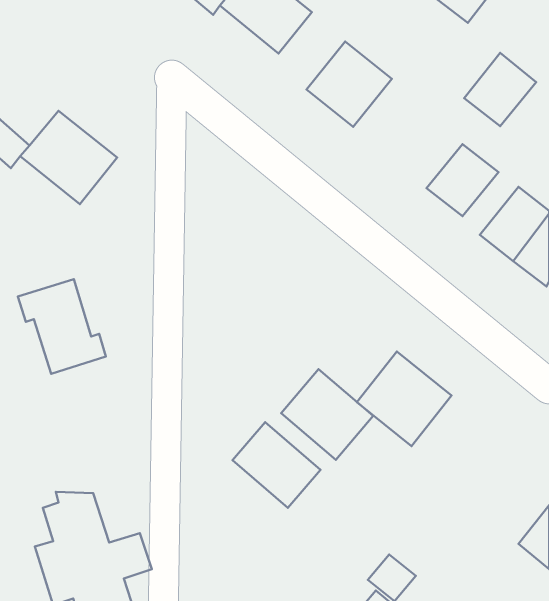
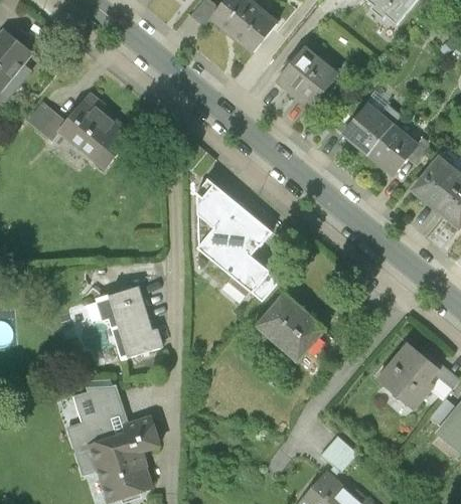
building: [464,53,536,126] -> [339,102,394,157]
building: none -> [197,180,280,303]
building: [18,279,106,374] -> [97,288,163,359]
building: [357,351,452,446] -> [378,332,450,403]
building: [232,422,321,508] -> none

